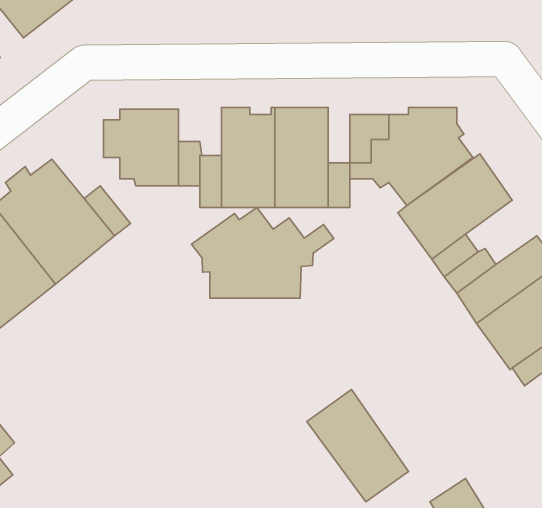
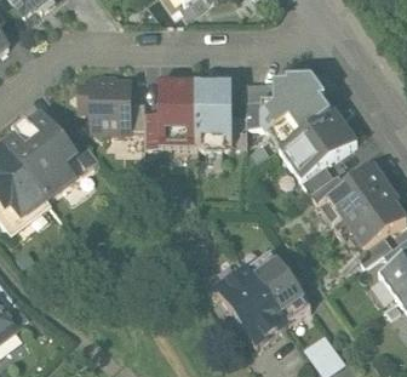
building: [192,207,334,298] -> none
building: none -> [247,249,310,321]

